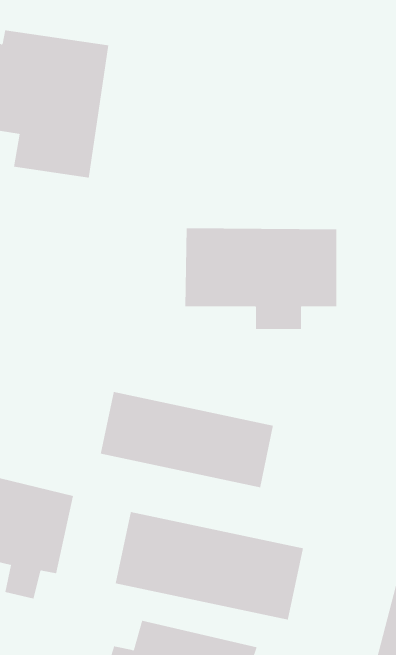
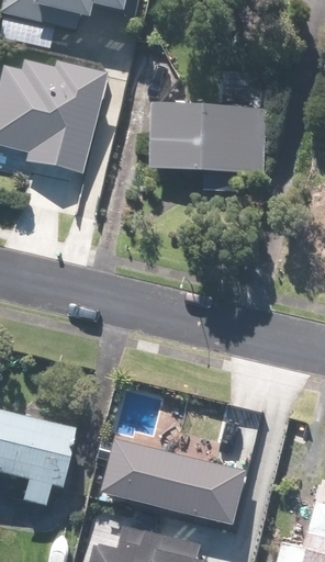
building: [184,228,337,330] -> [148,109,267,188]
building: [100,391,273,488] -> none

